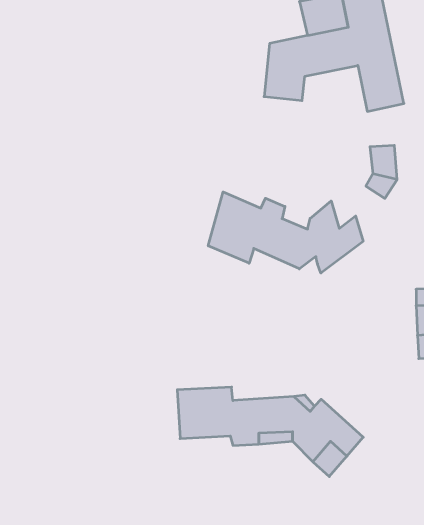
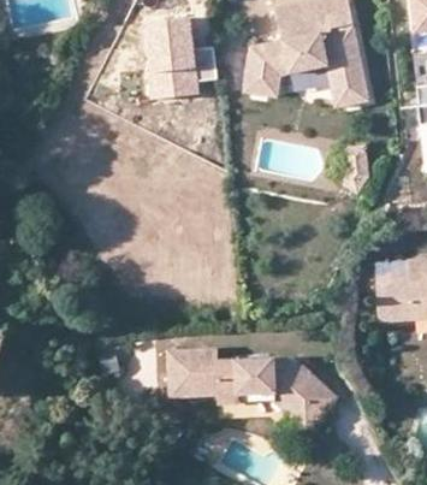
building: none -> [144,17,214,96]
building: [208,192,363,273] -> none

